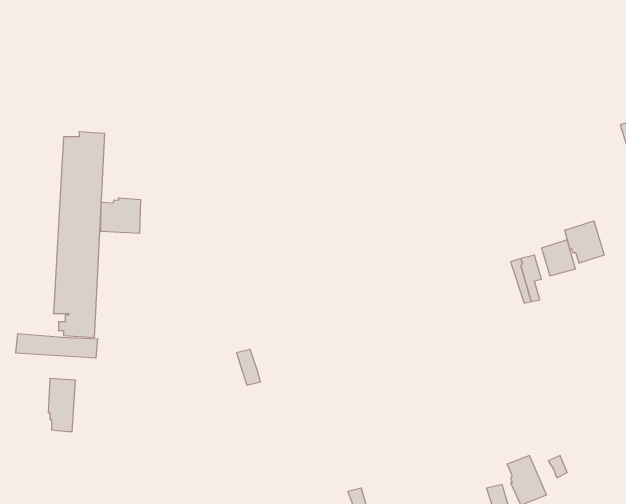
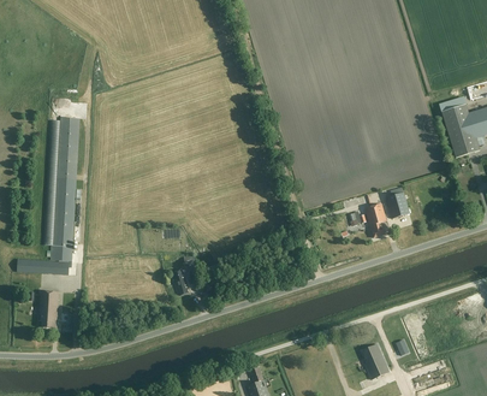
building: [101,198,141,233] -> none
building: [565,221,604,263] -> none

